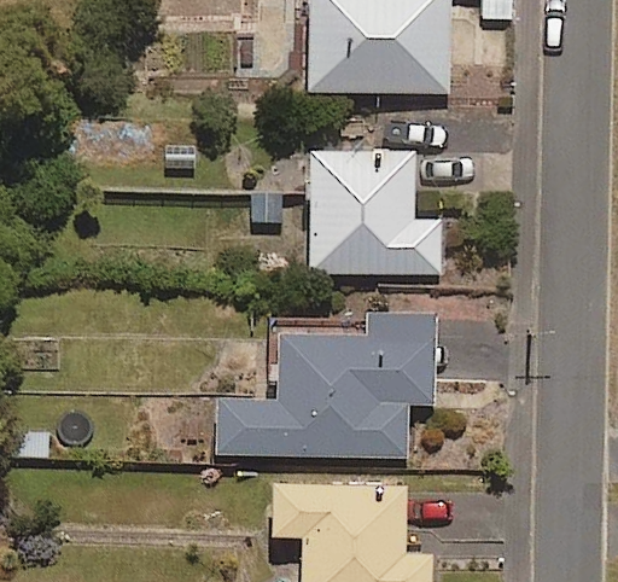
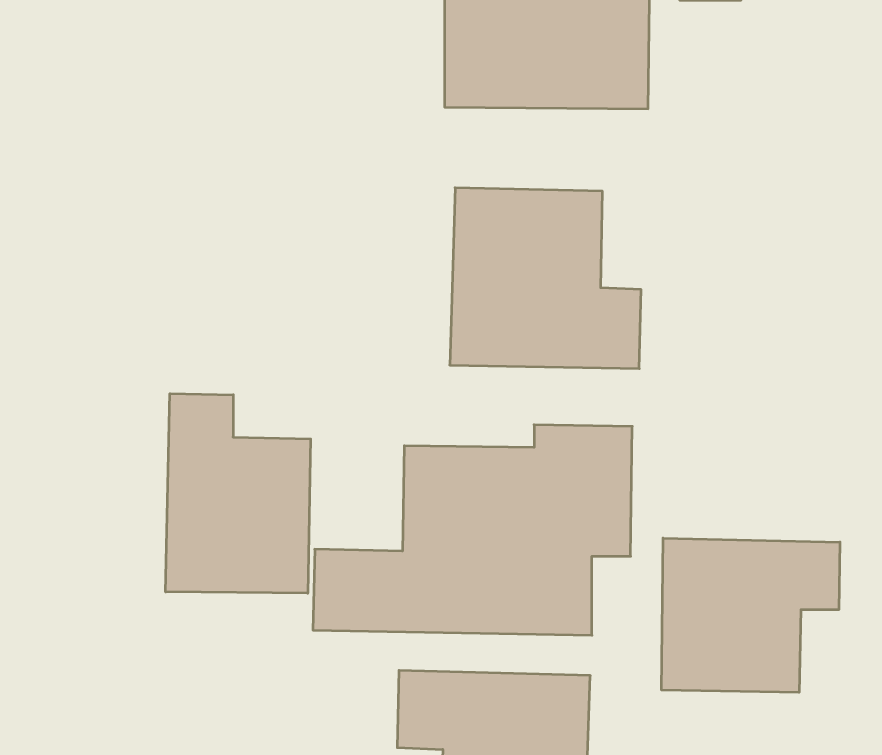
building: none -> [166,394,311,593]
building: none -> [662,538,840,692]

